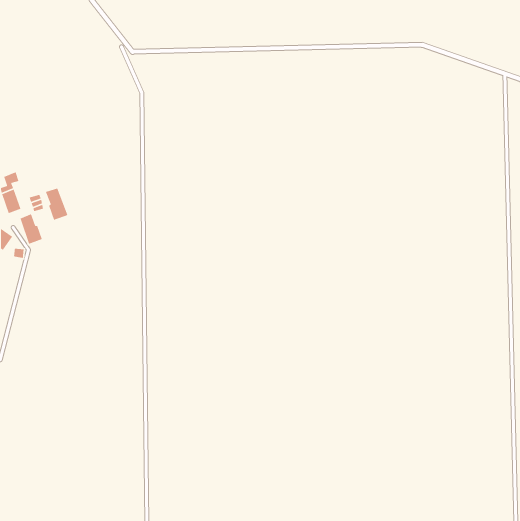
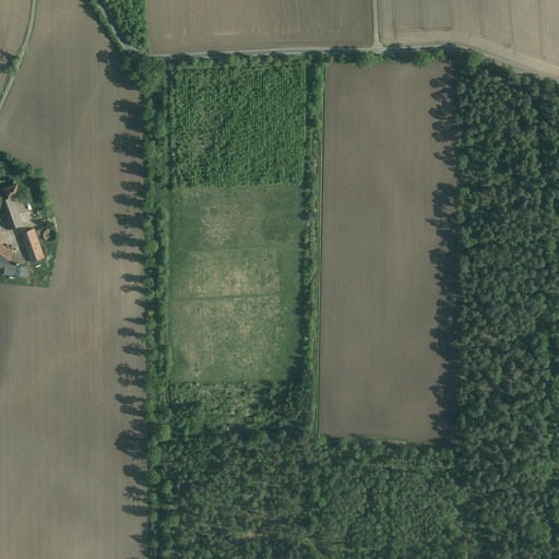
building: [45,187,68,221] -> none

